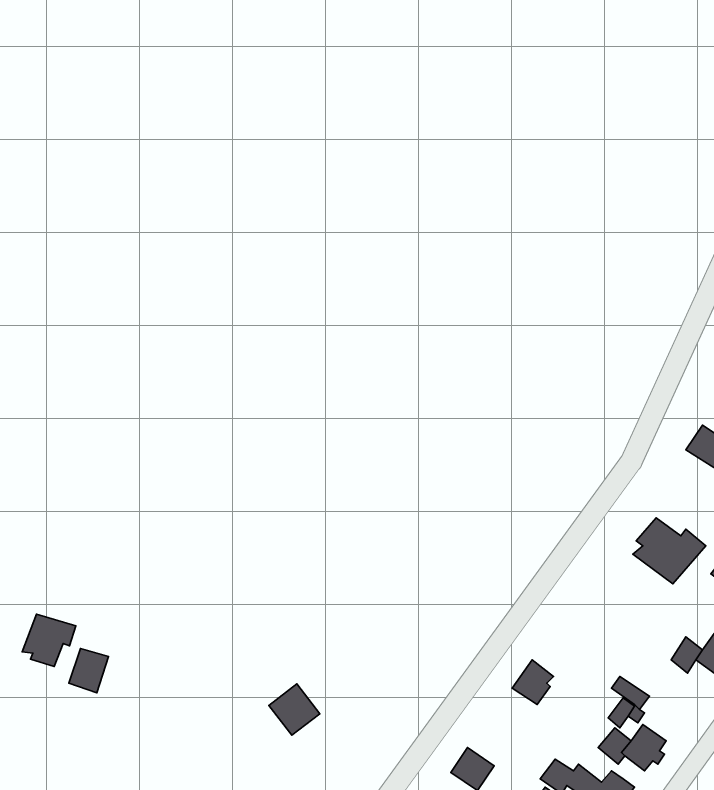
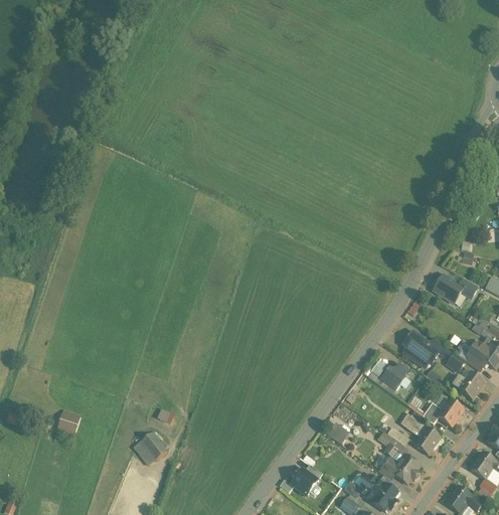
building: none -> [372,360,412,390]
building: [22,614,76,667] -> none
building: none -> [400,413,442,455]
building: [269,684,320,735] -> [136,433,167,464]

